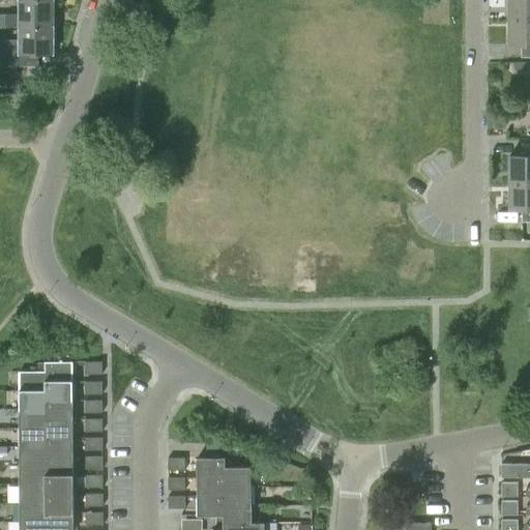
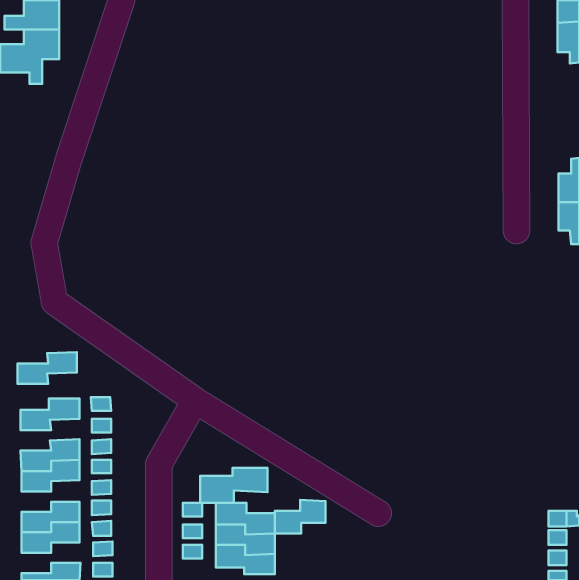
building: [19,382,72,411] -> [18,352,77,384]
building: none -> [200,468,268,503]
building: [20,438,72,467] -> none
building: none -> [275,500,326,534]
building: [20,495,73,523] -> none

